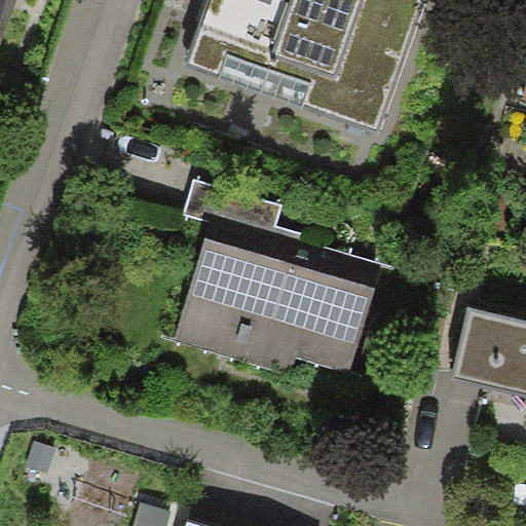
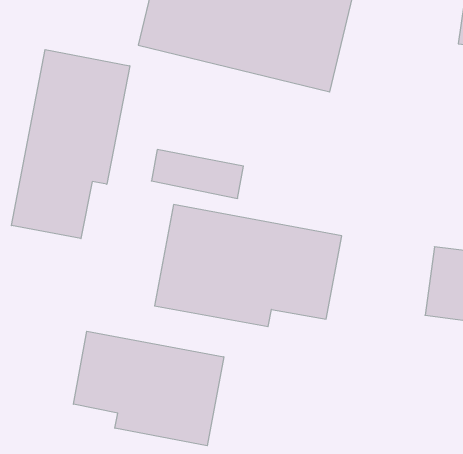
building: none -> [11,50,130,239]
building: none -> [73,331,224,446]

